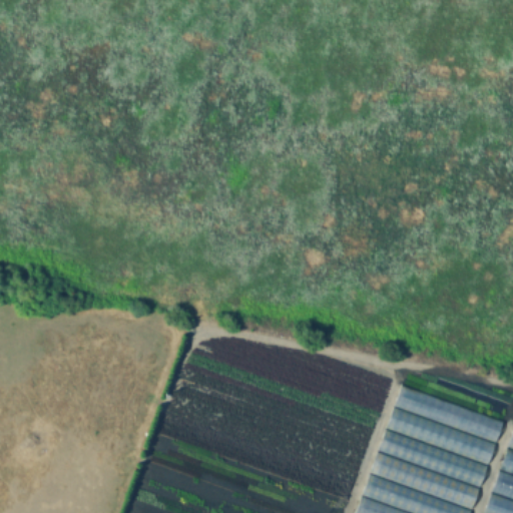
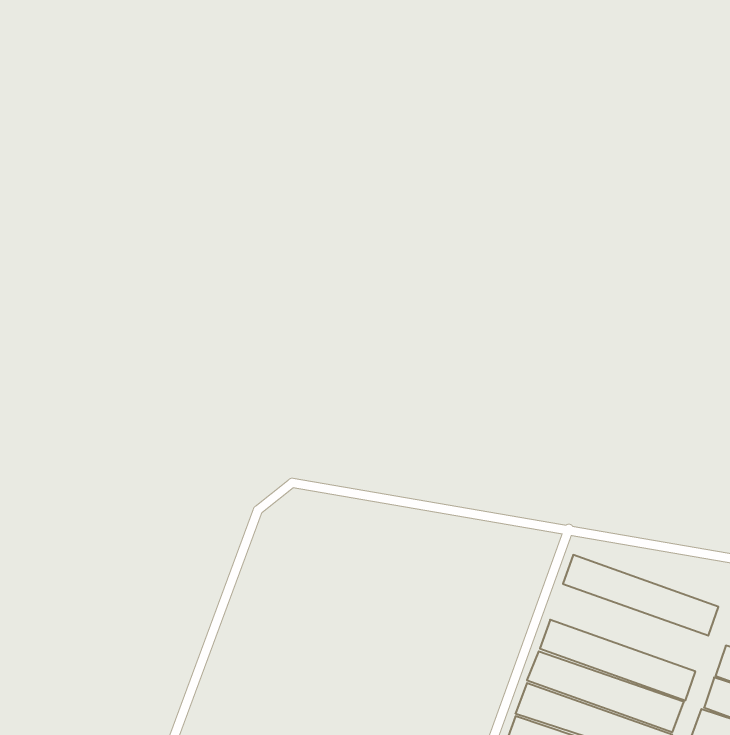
building: [388,410,497,466] -> none

